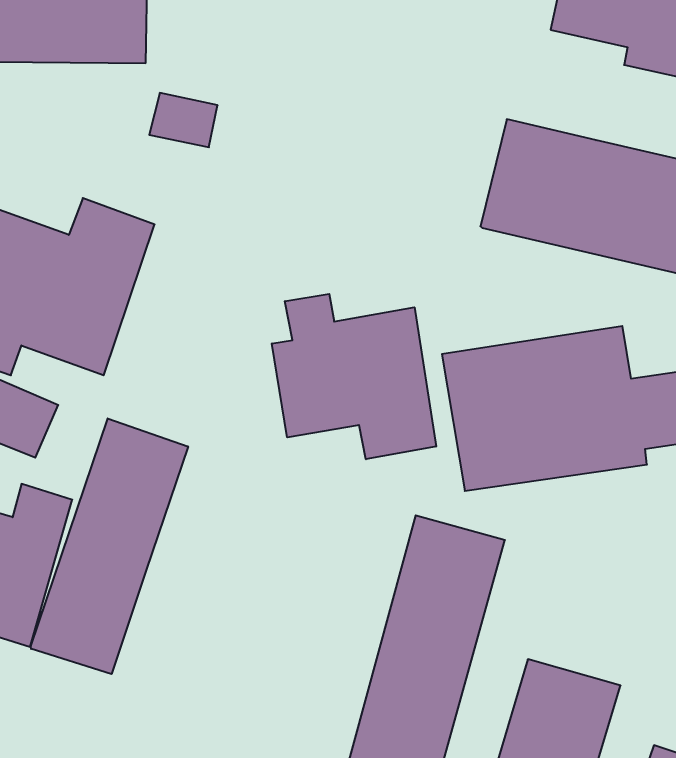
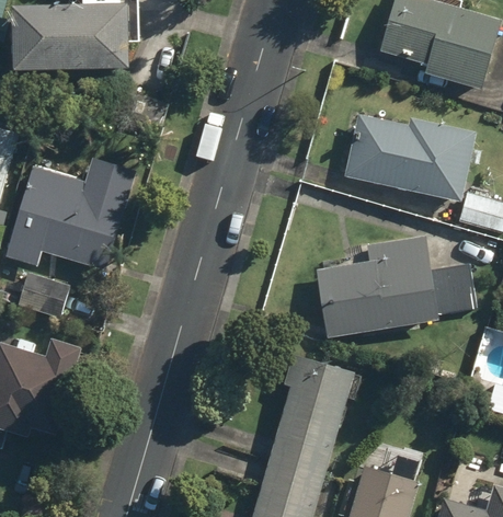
building: [272,294,436,459] -> none
building: [31,418,188,674] -> none

